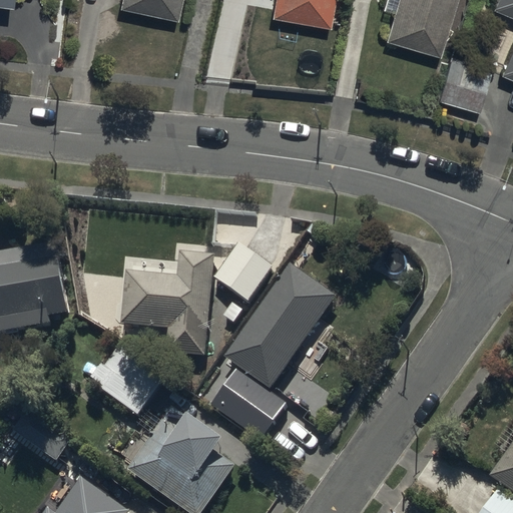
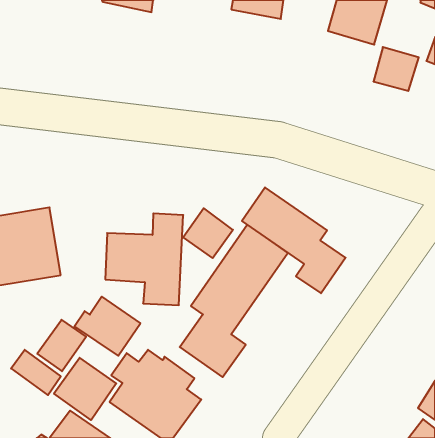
building: none -> [242,187,346,293]
building: none -> [37,320,86,371]
building: none -> [54,358,116,420]

